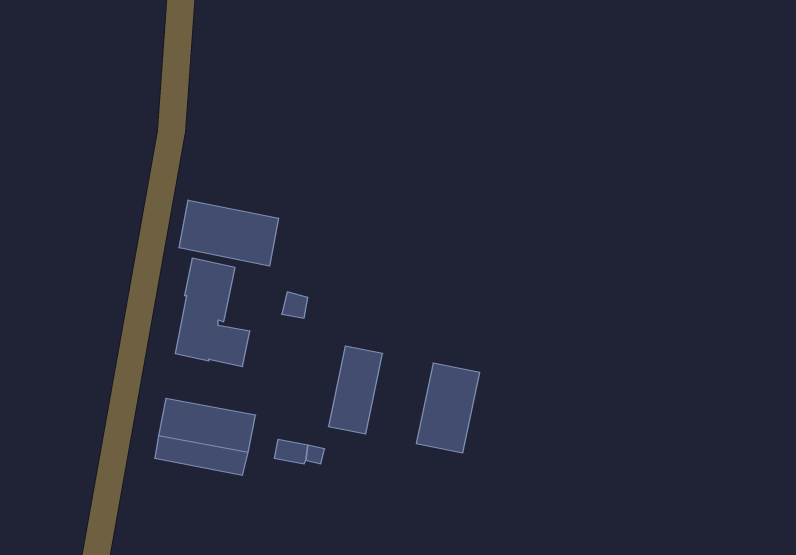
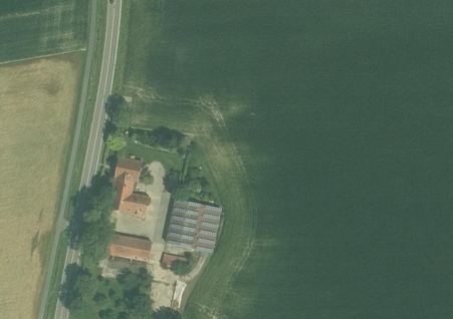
building: [179,200,278,266] -> none
building: [416,363,480,453] -> [167,199,201,247]

